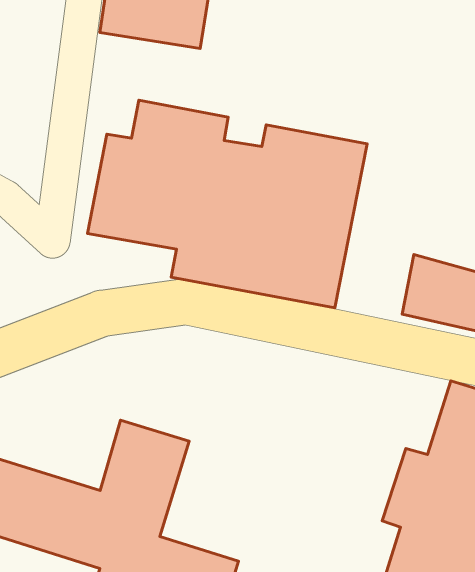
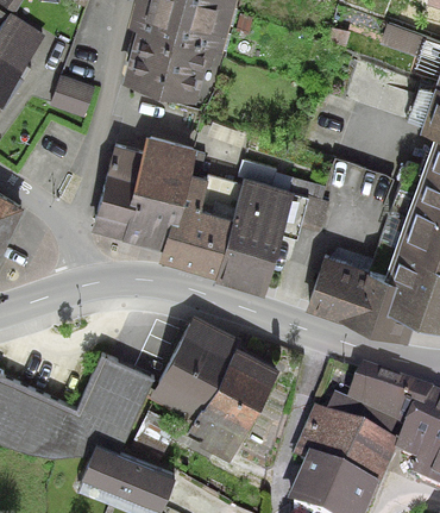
building: none -> [51,74,95,117]
building: none -> [165,325,277,462]

